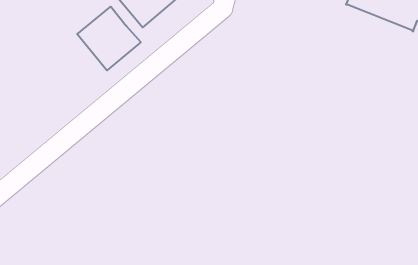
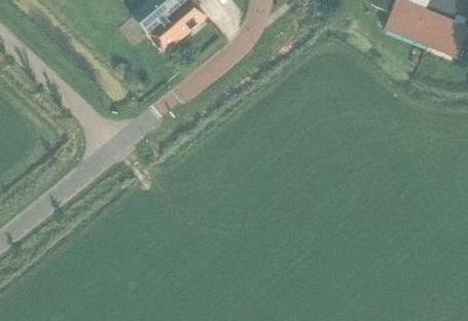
building: [77,7,141,70] -> none

